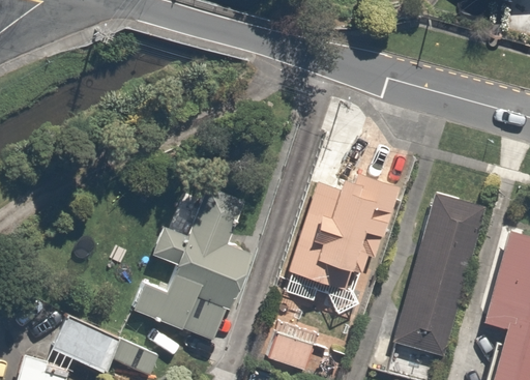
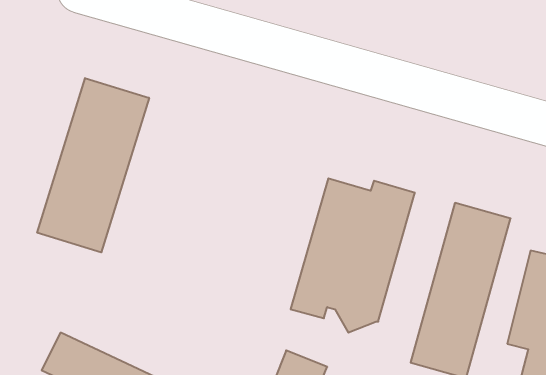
building: none -> [37,78,149,252]
building: [132,188,249,341] -> none

